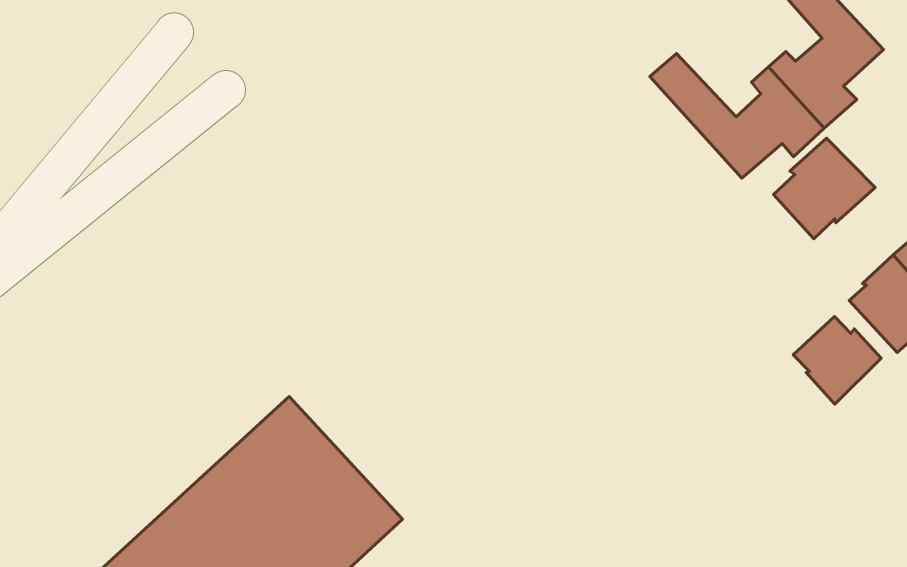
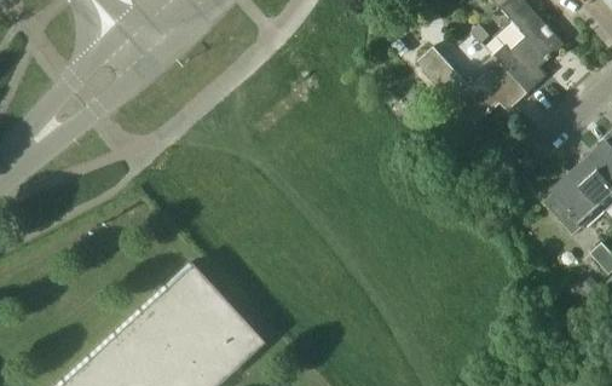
building: [774,138,875,239] -> none
building: [793,316,881,404] -> none

